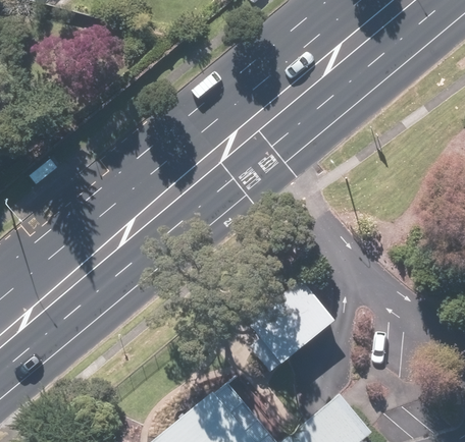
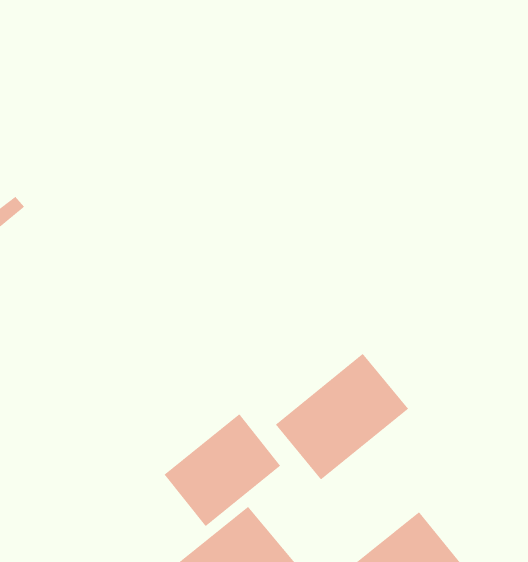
building: none -> [164,413,281,527]

